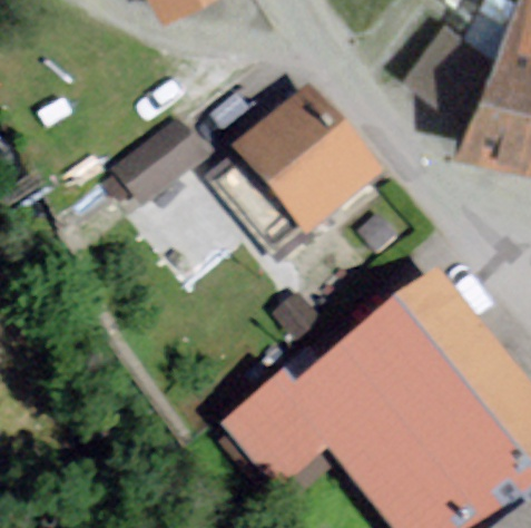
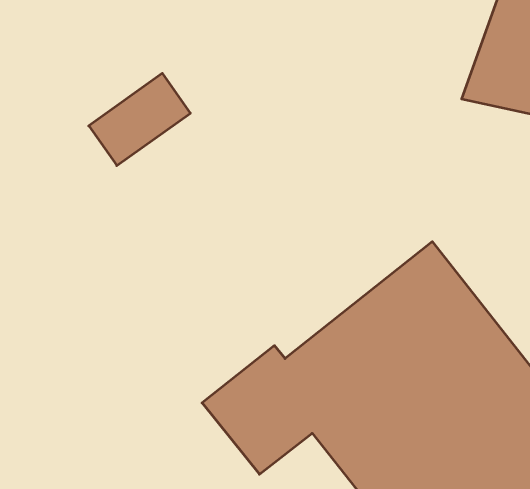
building: [237,88,378,232] -> none

